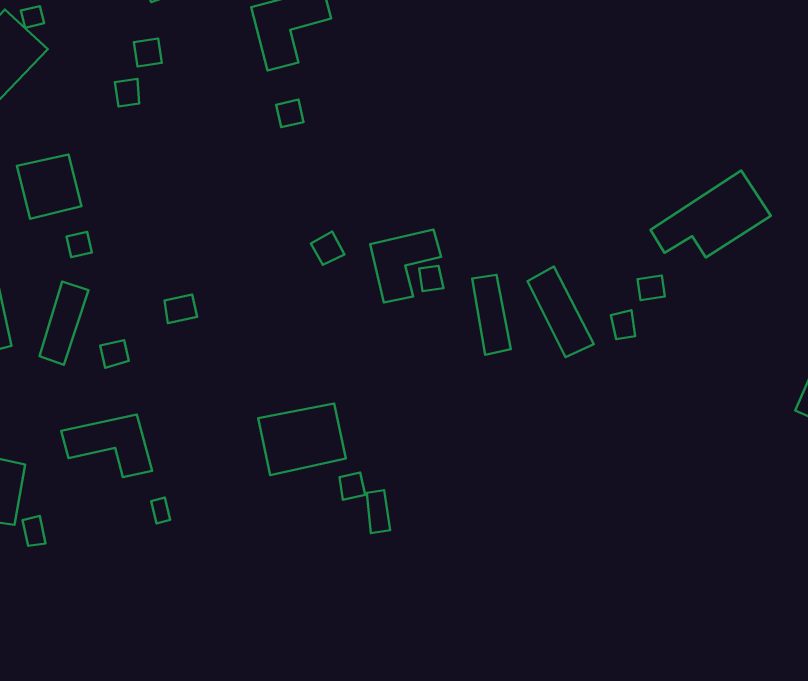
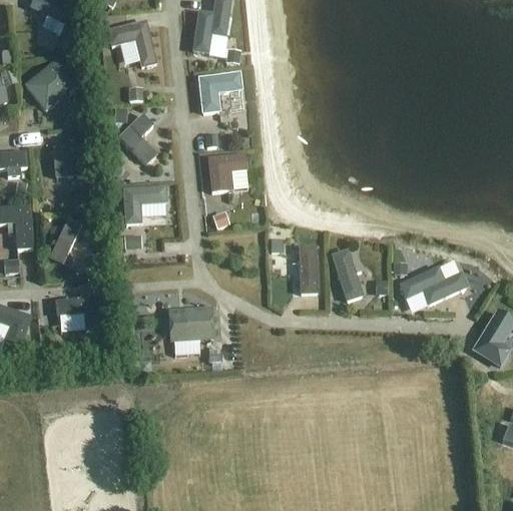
building: none -> [118,112,157,164]
building: [650,170,771,257] -> [399,258,468,304]
building: none -> [122,185,166,223]
building: [370,229,441,302] -> [207,154,246,191]

